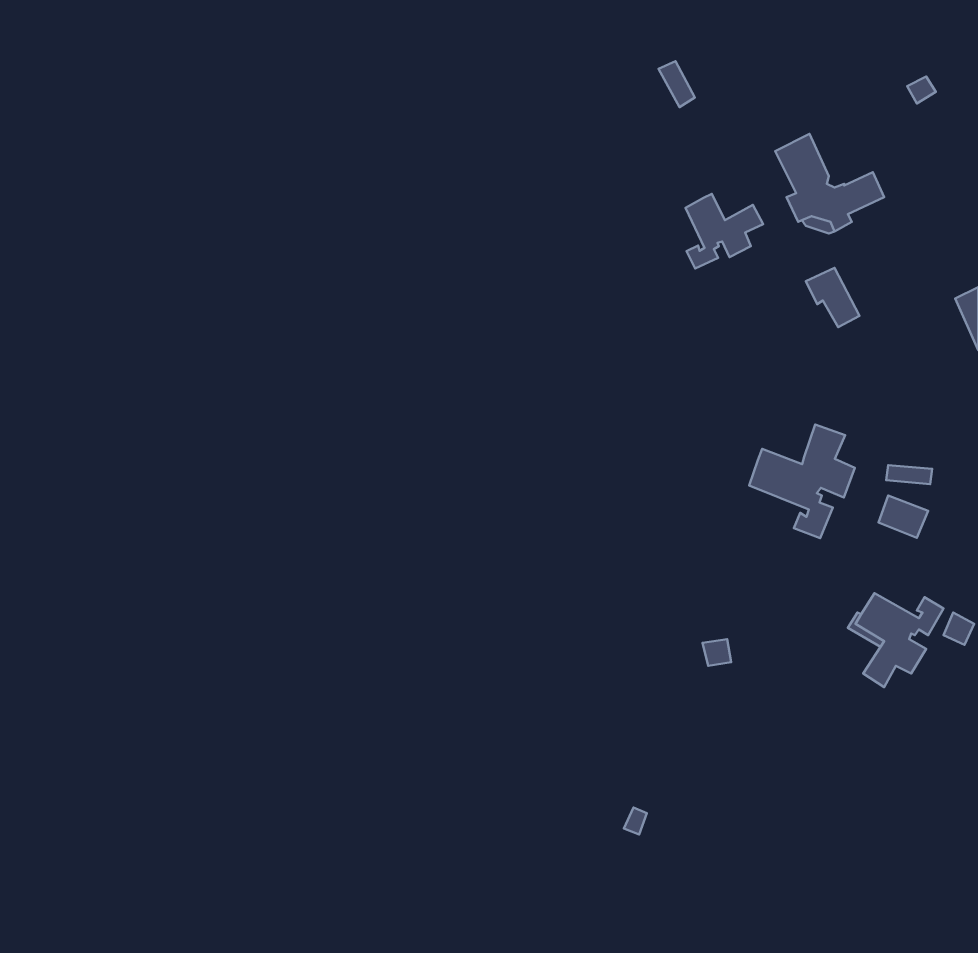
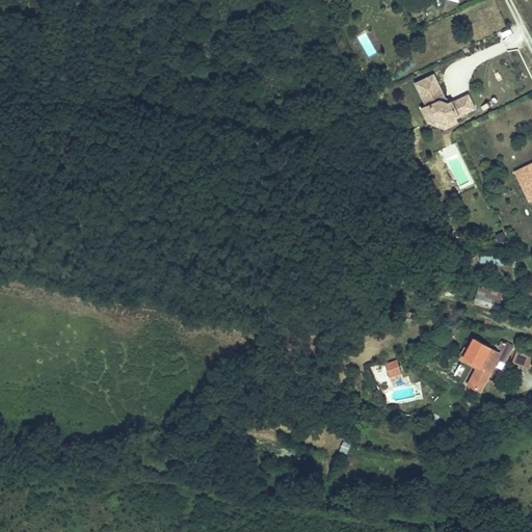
building: [685,194,763,269] -> none
building: [749,425,855,538] -> none

